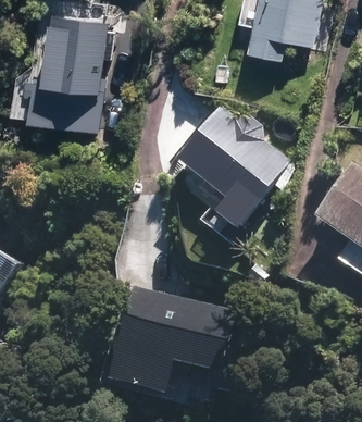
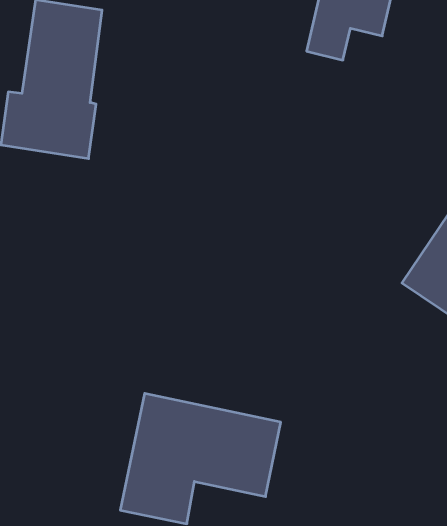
building: [176,114,283,237] -> none

